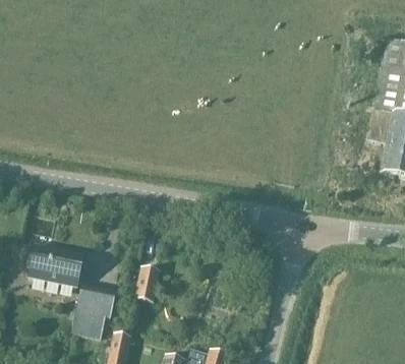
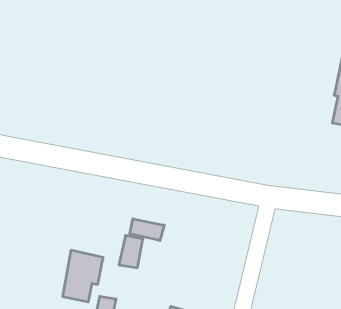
building: [30,244,84,286] -> none
building: none -> [130,219,164,241]

